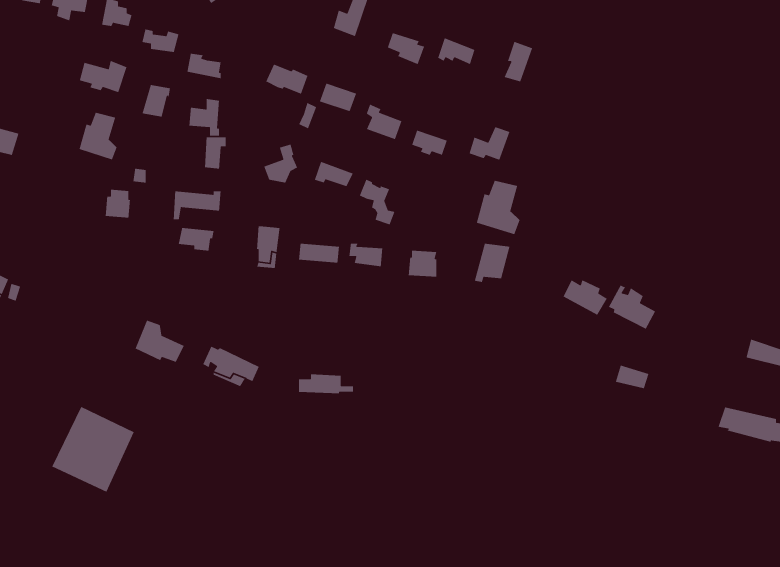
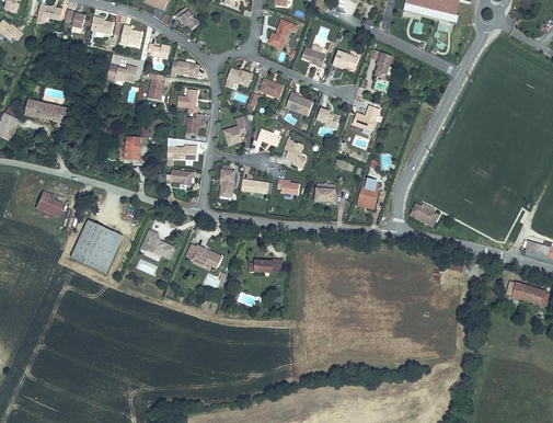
building: [78,112,117,161] -> none
building: [476,180,520,235] -> none
building: [608,284,656,330] -> none
building: [51,406,135,493] -> [71,217,124,272]

